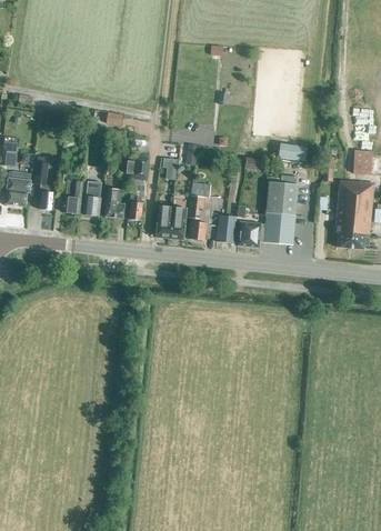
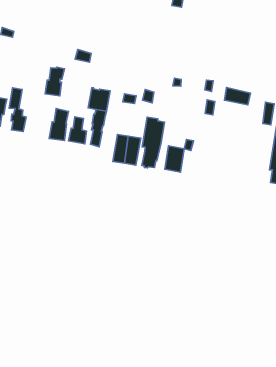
building: [62,180,82,212] -> [45,67,65,96]
building: [237,181,298,247] -> none

